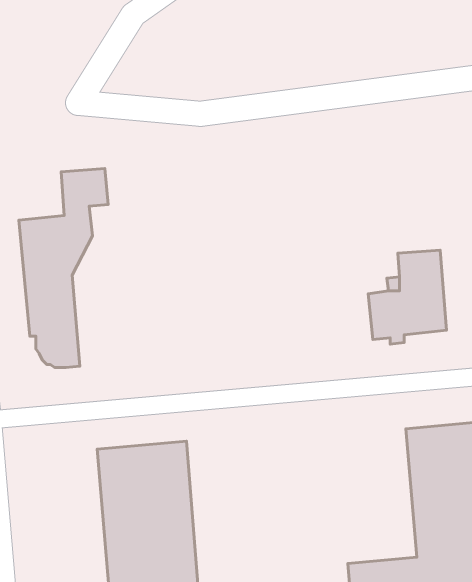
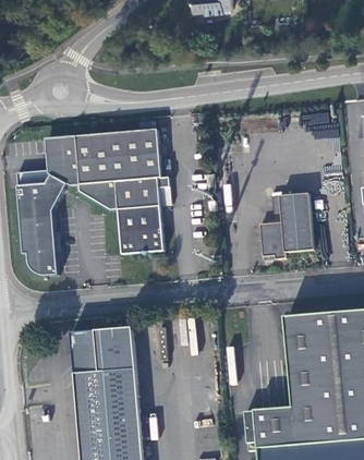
building: none -> [64,128,170,254]

